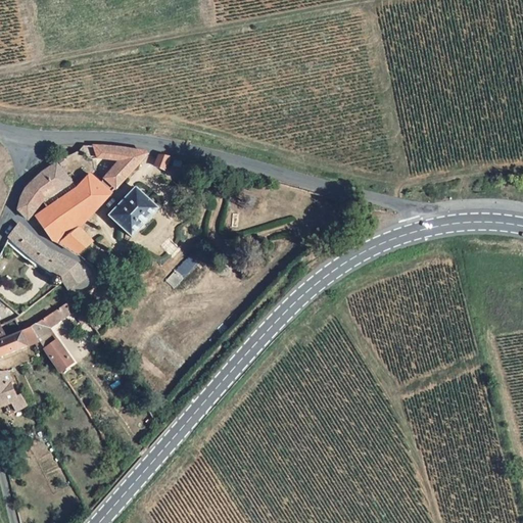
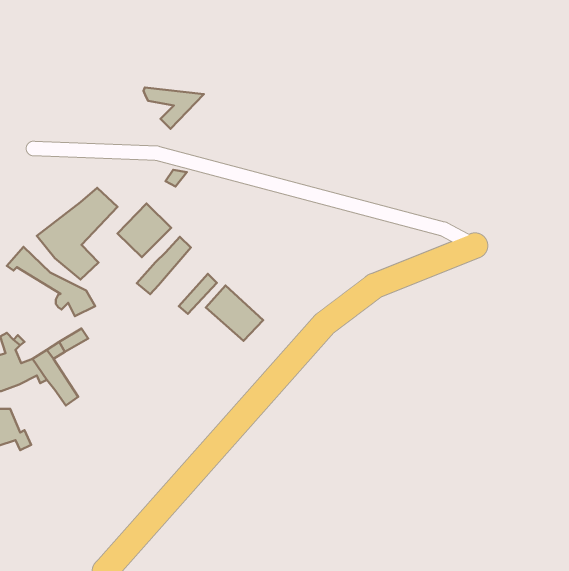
building: [92,146,147,184] -> [144,87,204,129]
building: [15,160,66,217] -> none
building: none -> [137,237,191,294]
building: none -> [206,285,263,341]

